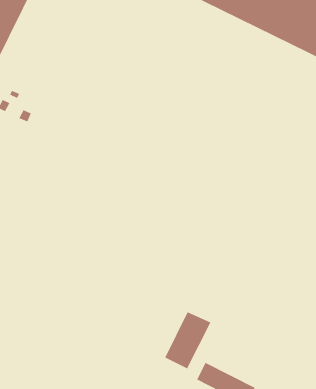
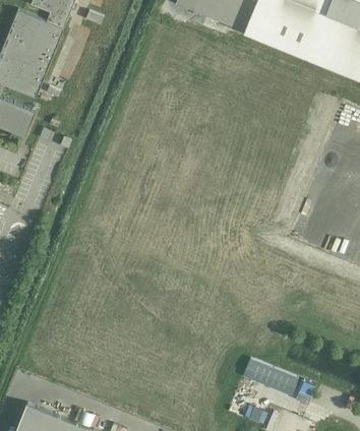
building: [164,311,211,370] -> none

